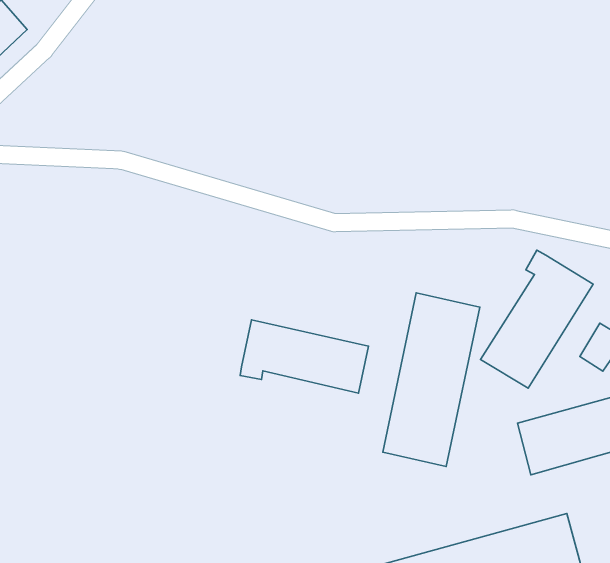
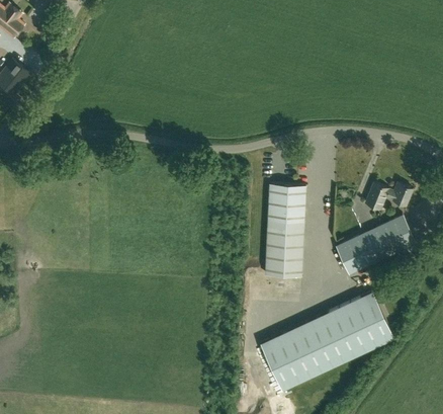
building: [481,250,593,388] -> none
building: [240,320,368,393] -> none

